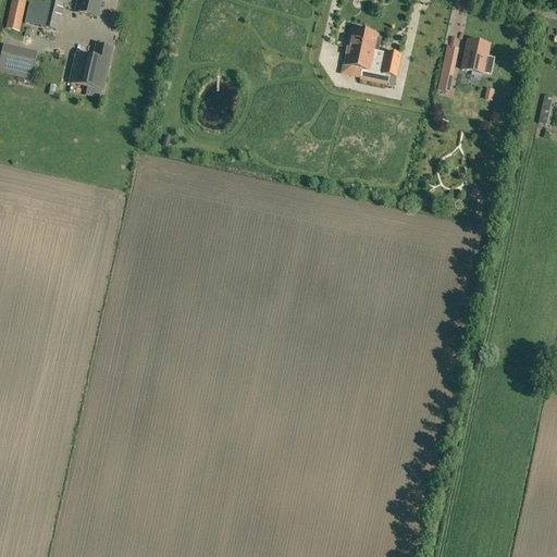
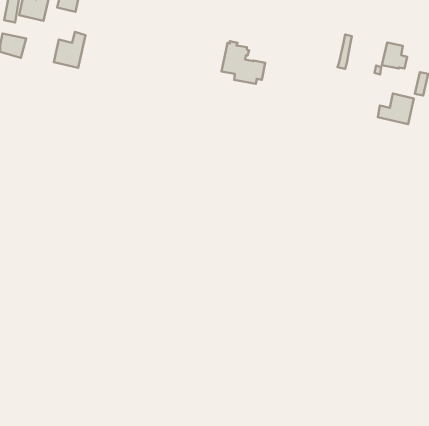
building: [344,24,400,79] -> [222,41,265,84]
building: [461,38,494,72] -> [382,42,407,68]
building: none -> [378,93,414,124]

